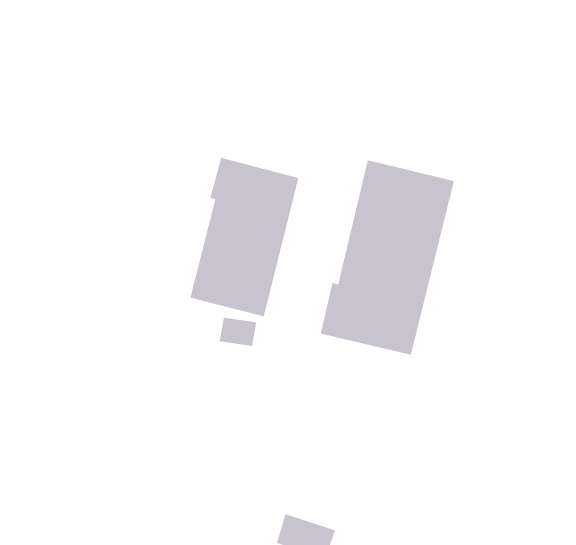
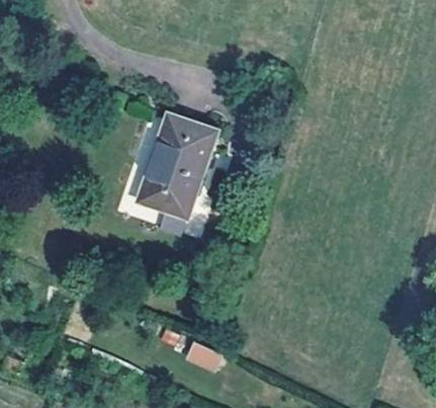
building: [320,160,454,356] -> none

